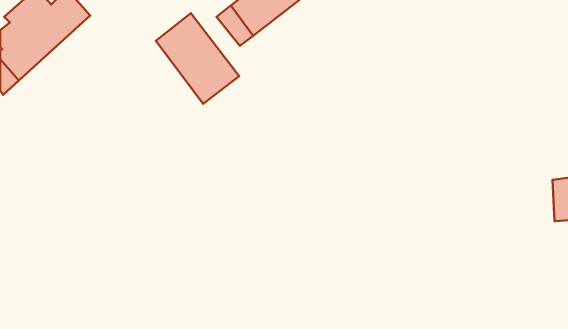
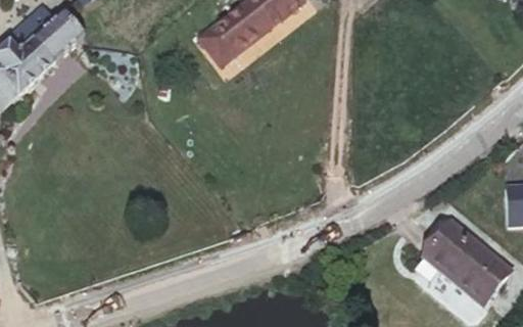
building: [156,13,239,104] -> none
building: none -> [424,221,512,305]

